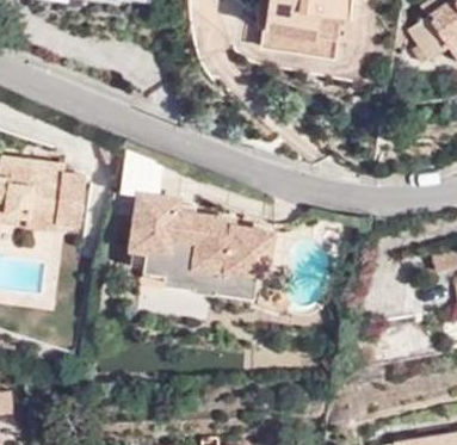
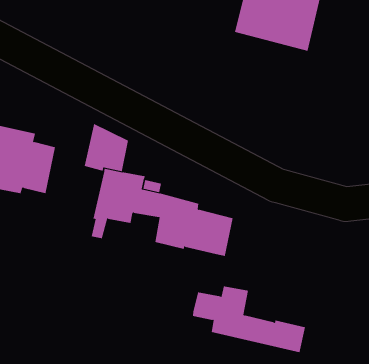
building: [144,236,260,297] -> [192,286,306,353]

